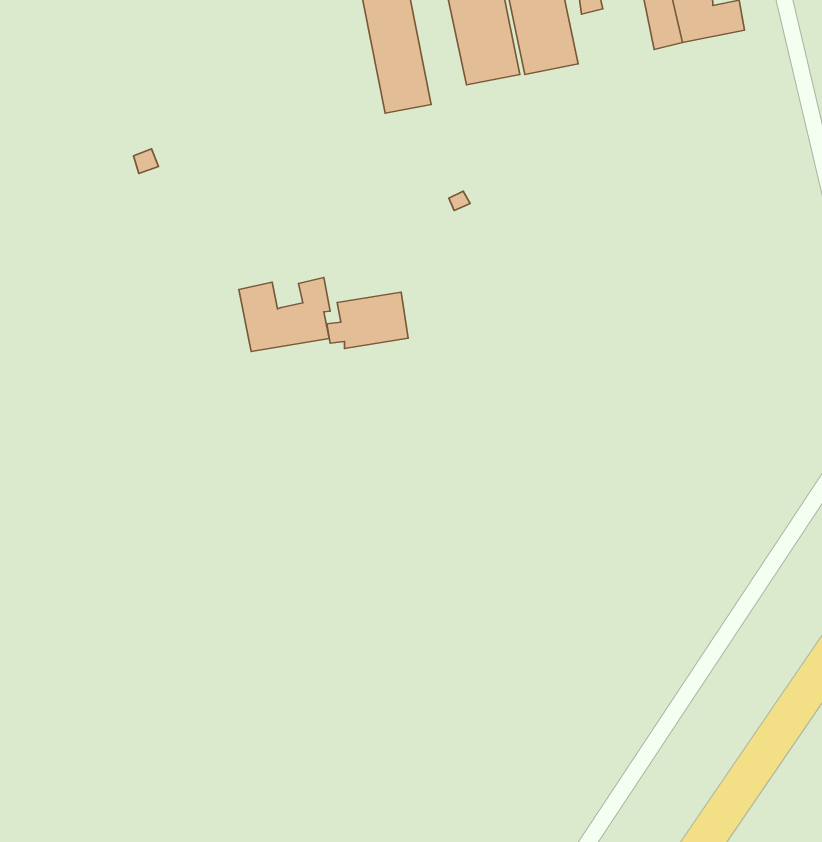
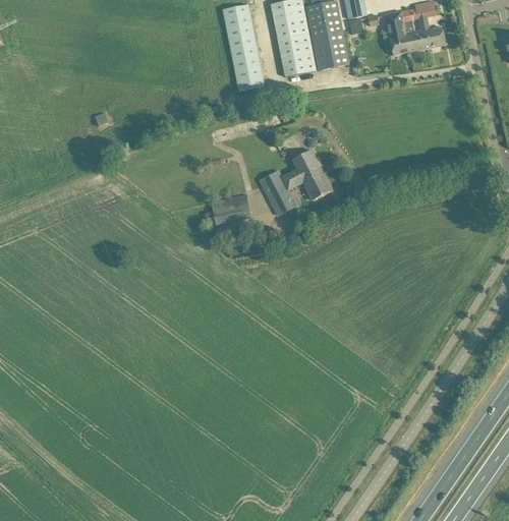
building: none -> [262,150,332,214]
building: [239,278,330,351] -> none

